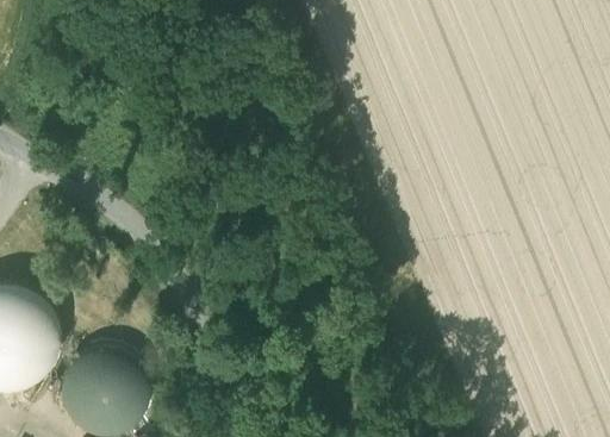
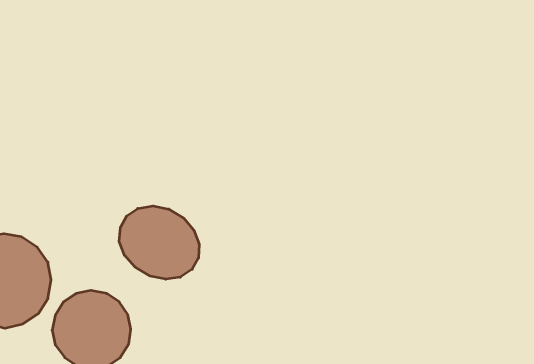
building: none -> [119,206,199,279]

